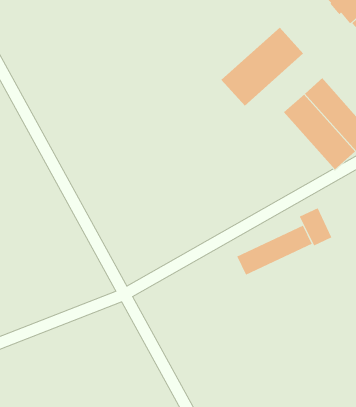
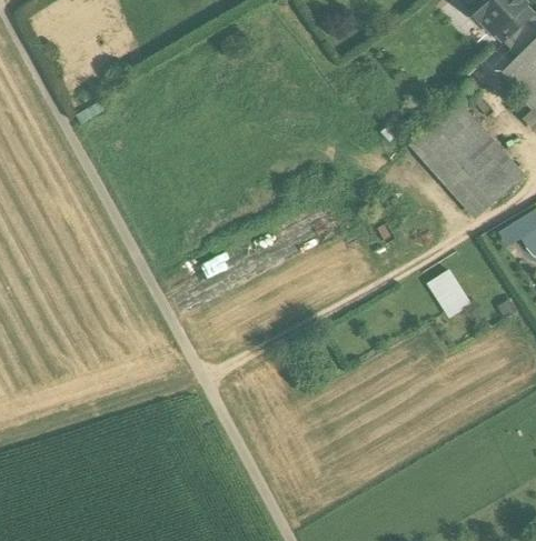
building: [221,27,304,106] -> none
building: [237,225,313,276] -> none

